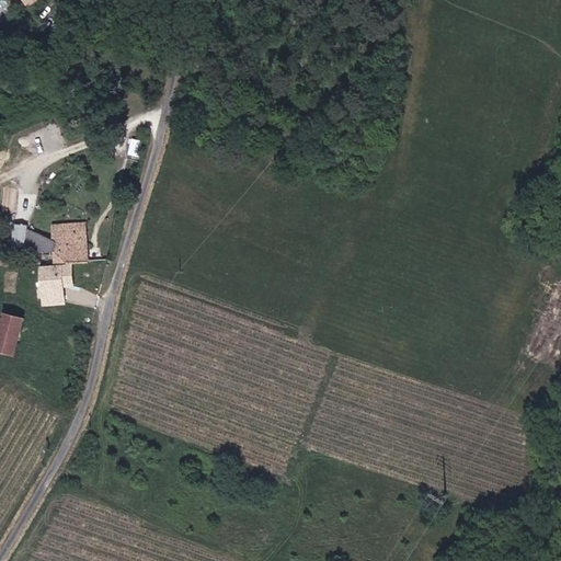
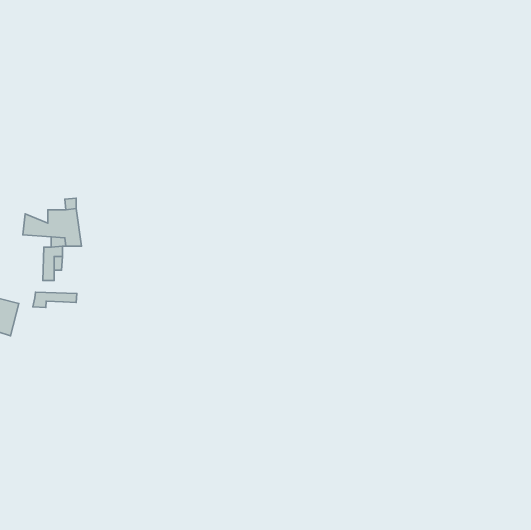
building: none -> [33,292,77,308]

